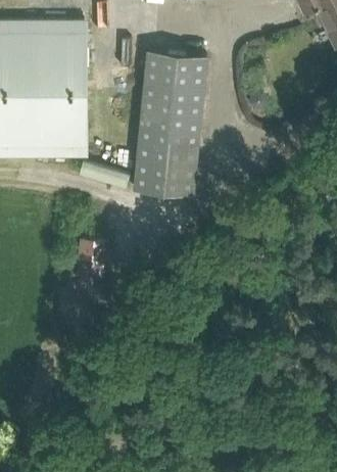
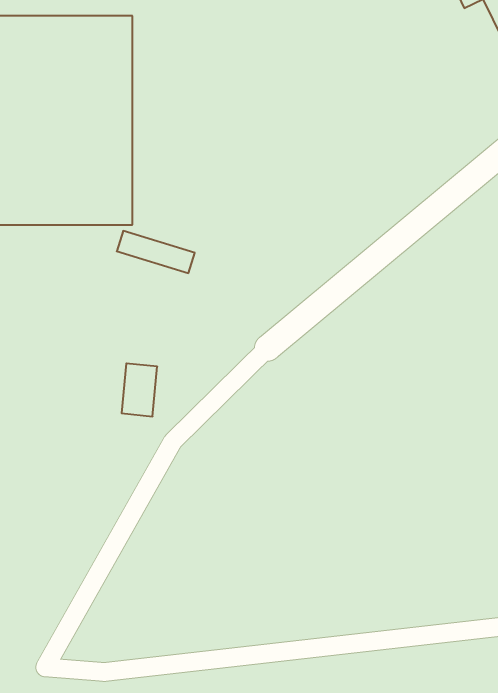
building: [133,51,207,196] -> none

